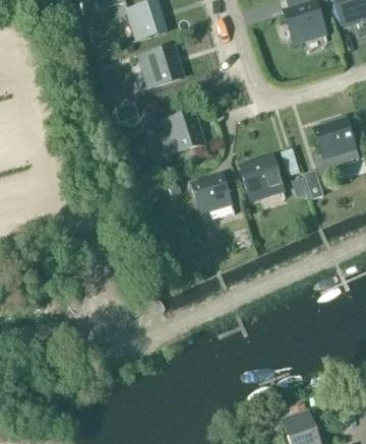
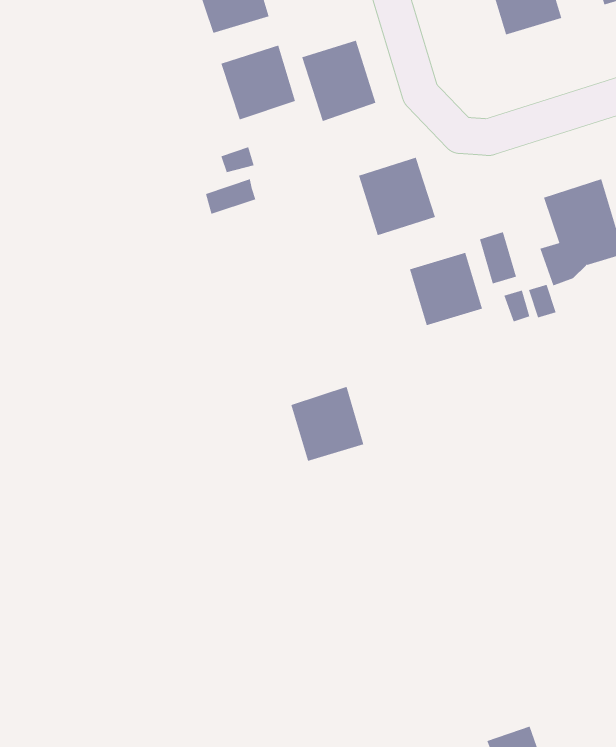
building: none -> [301,40,376,122]
building: [161,113,202,155] -> [358,157,436,236]
building: [191,174,231,214] -> [290,386,364,462]

